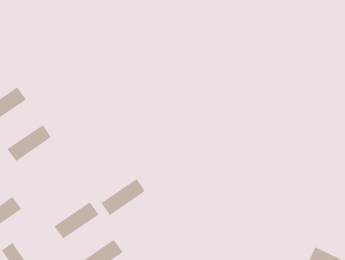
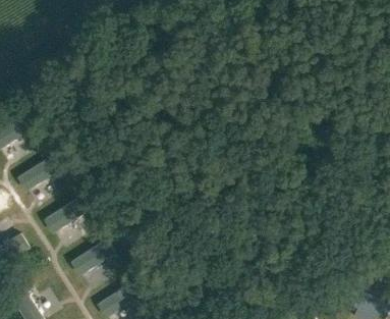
building: [100,178,145,216] -> [39,195,89,236]

